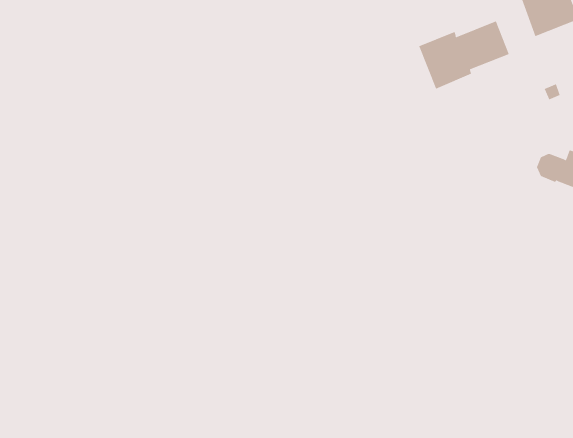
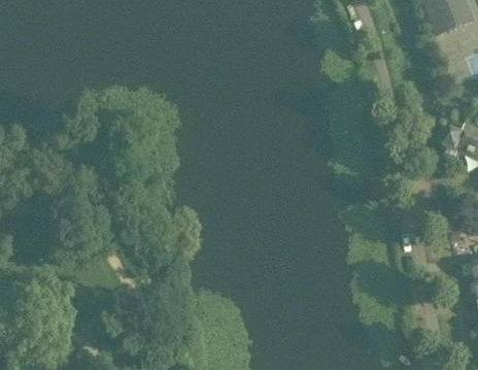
building: [418,20,509,90] -> none

